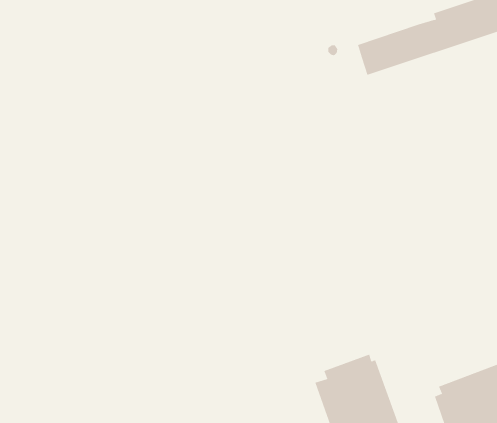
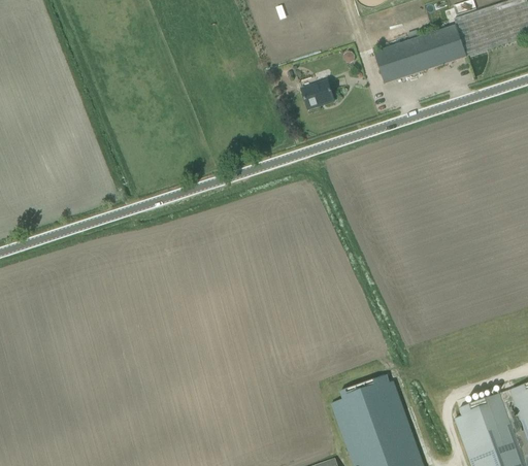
building: none -> [302,79,334,108]

